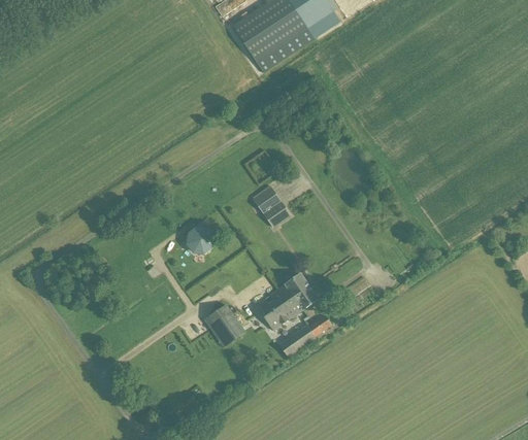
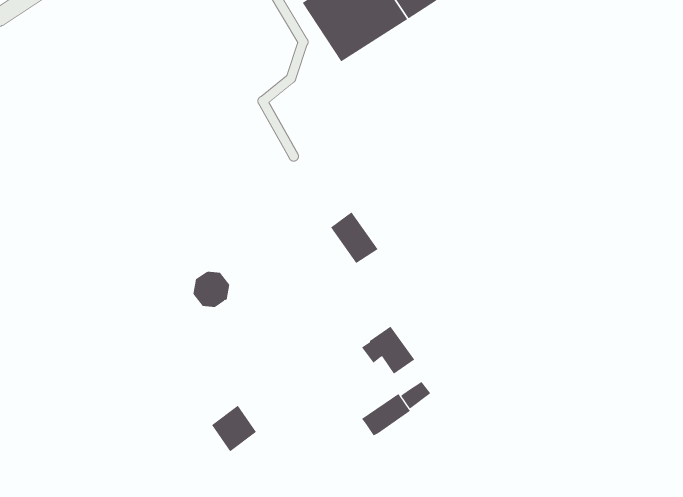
building: [186,226,214,253] -> [192,271,230,308]
building: [255,289,302,330] -> none
building: [204,304,239,340] -> [211,405,257,452]

